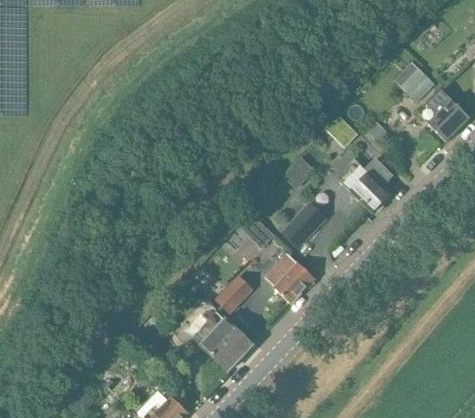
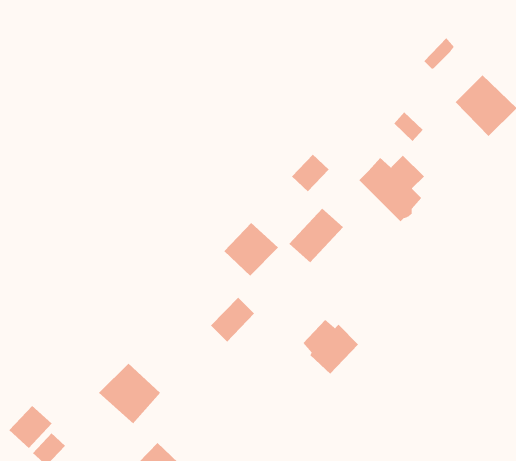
building: [399,66,434,101] -> none
building: [267,256,314,302] -> [302,319,359,374]
building: [199,318,251,369] -> [98,363,161,424]
building: none -> [8,405,52,449]

